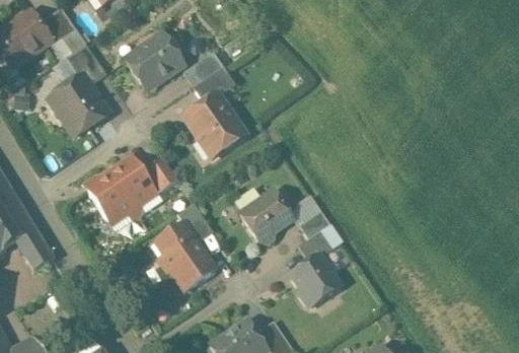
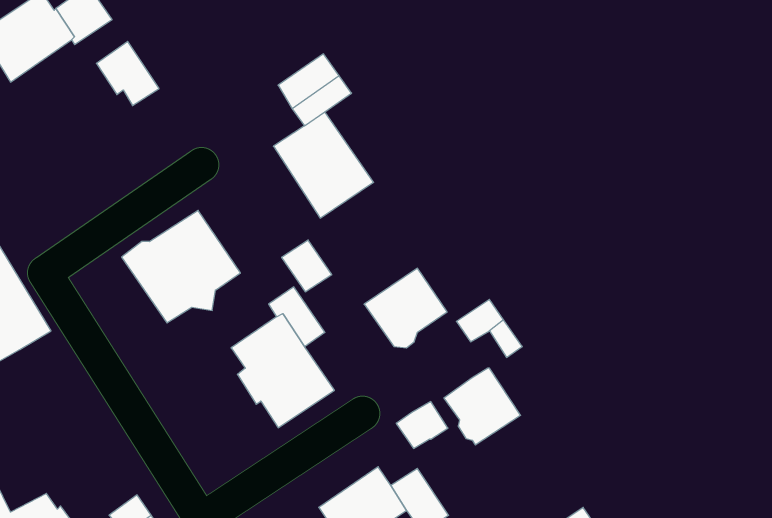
building: [126,33,182,88] -> none
building: [50,74,107,135] -> none
building: [146,157,178,191] -> [282,240,332,292]
building: [16,230,54,271] -> none
building: [298,230,331,261] -> [396,402,448,448]

